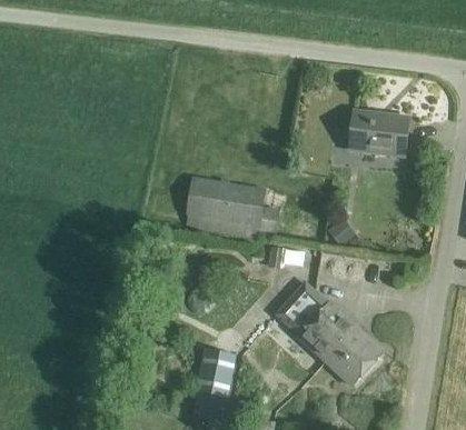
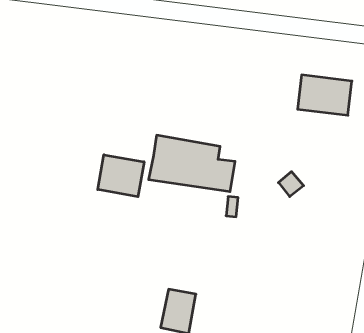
building: none -> [98,155,144,197]
building: [280,283,385,386] -> none

